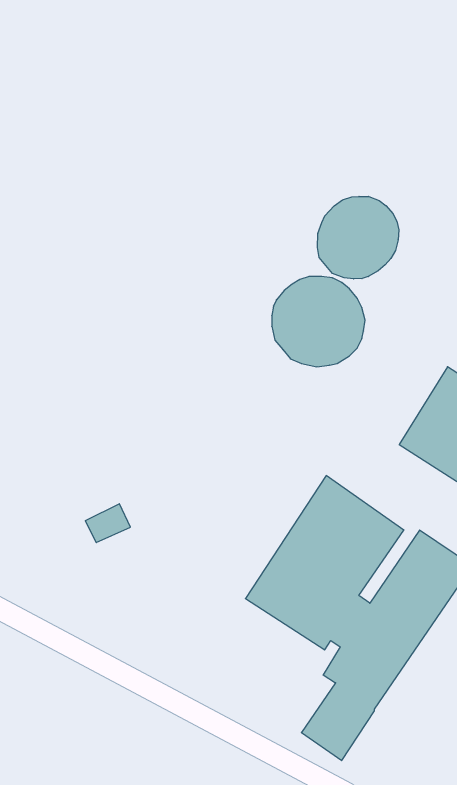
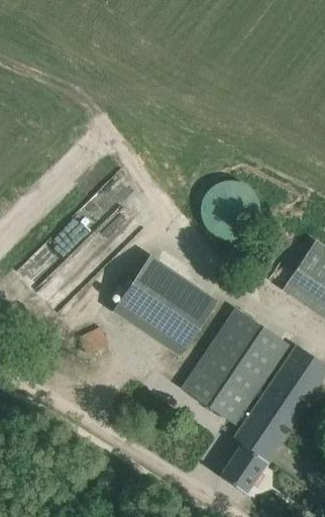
building: [317,196,399,279] -> none
building: none -> [114,256,217,356]

